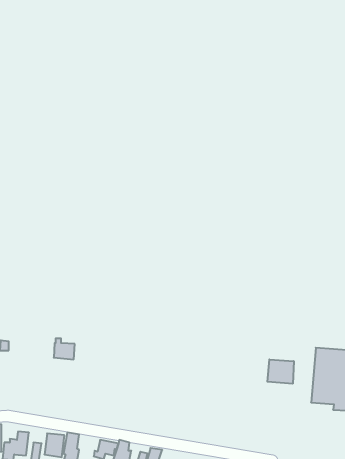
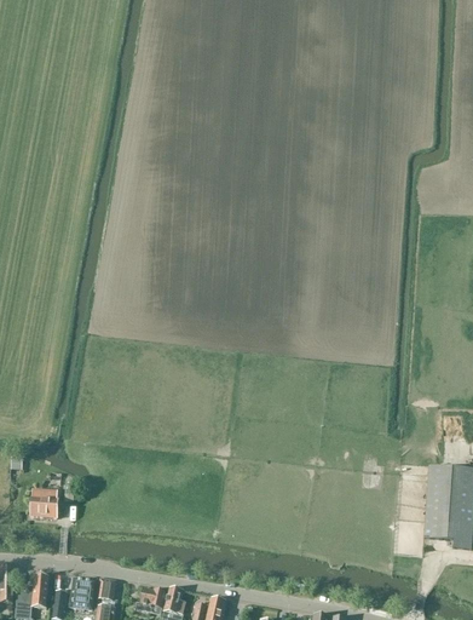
building: [54,338,75,359] -> [30,490,58,518]
building: [267,359,294,384] -> none

